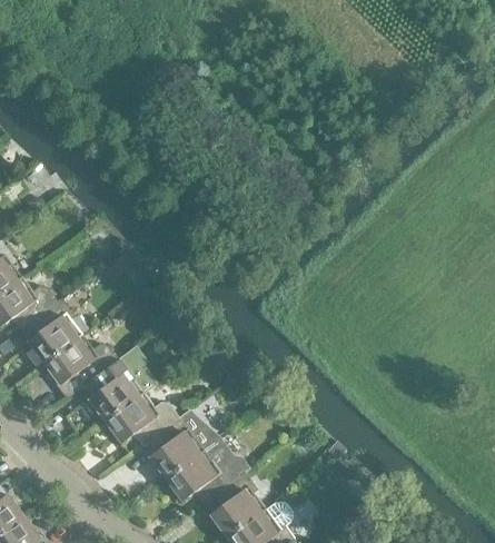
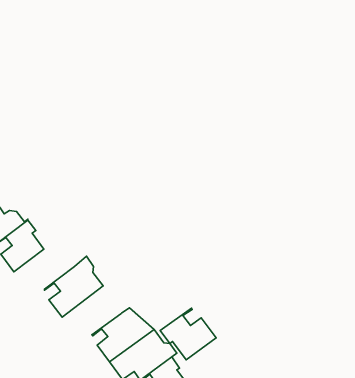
building: [42,336,119,398] -> none
building: [103,394,178,445] -> none
building: none -> [160,308,216,360]

